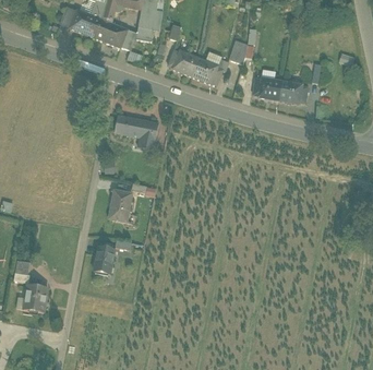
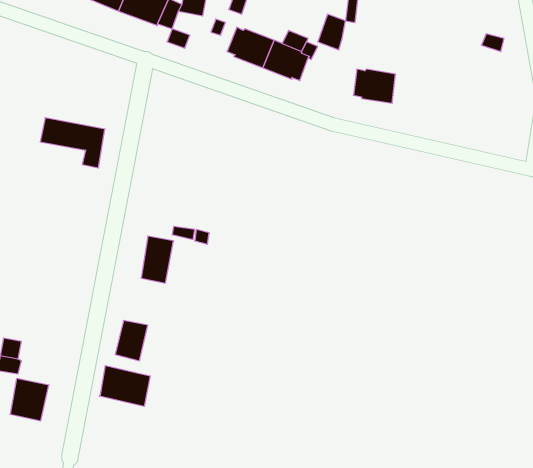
building: [278,80,306,103] -> none
building: [113,116,157,150] -> [40,118,105,168]
building: none -> [99,366,150,406]

